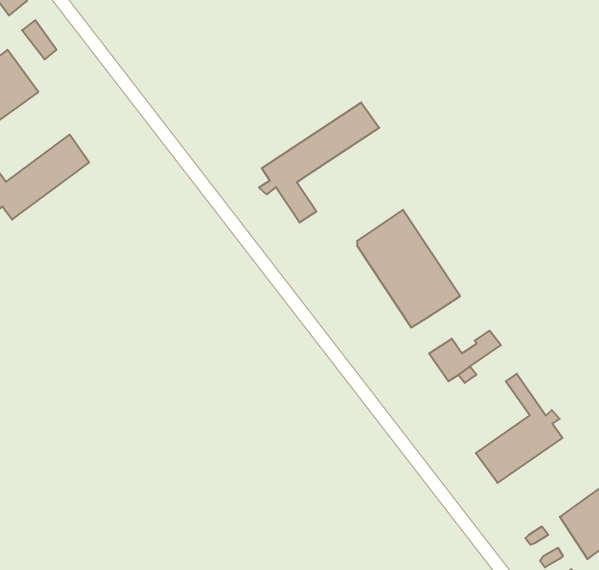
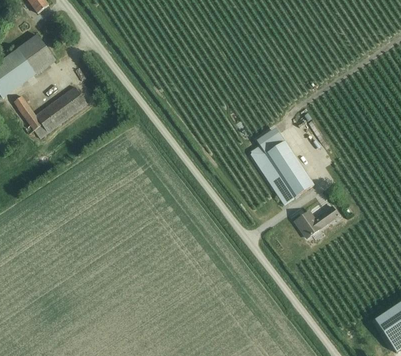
building: [259,102,379,223] -> none
building: [476,374,562,483] -> none

